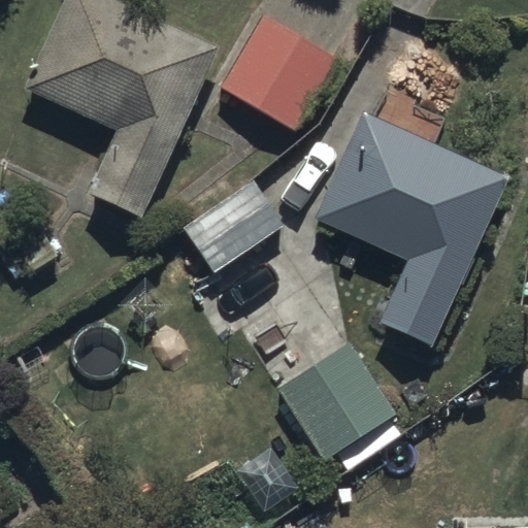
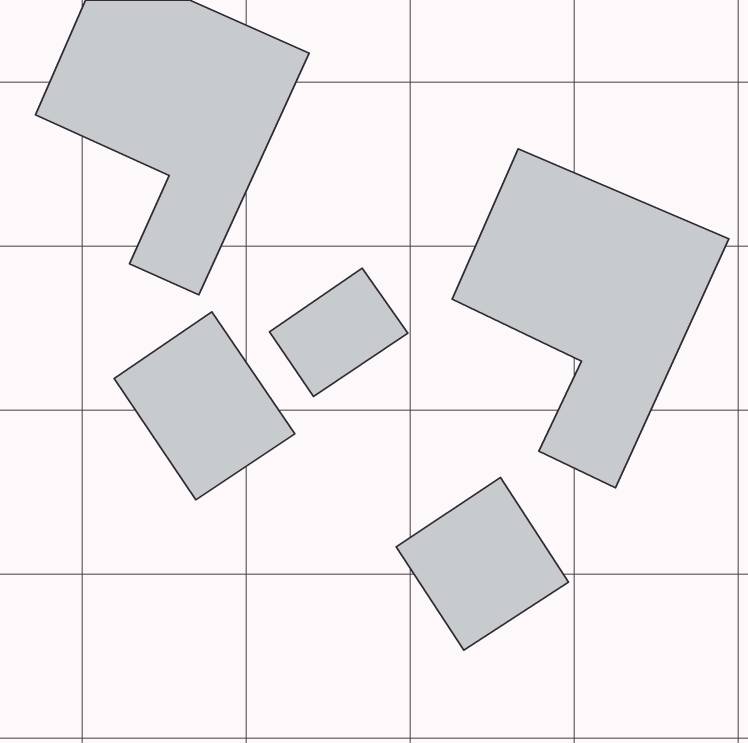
building: [222,12,334,125] -> none
building: none -> [114,312,295,500]

